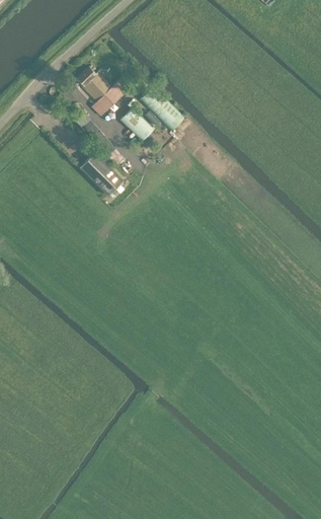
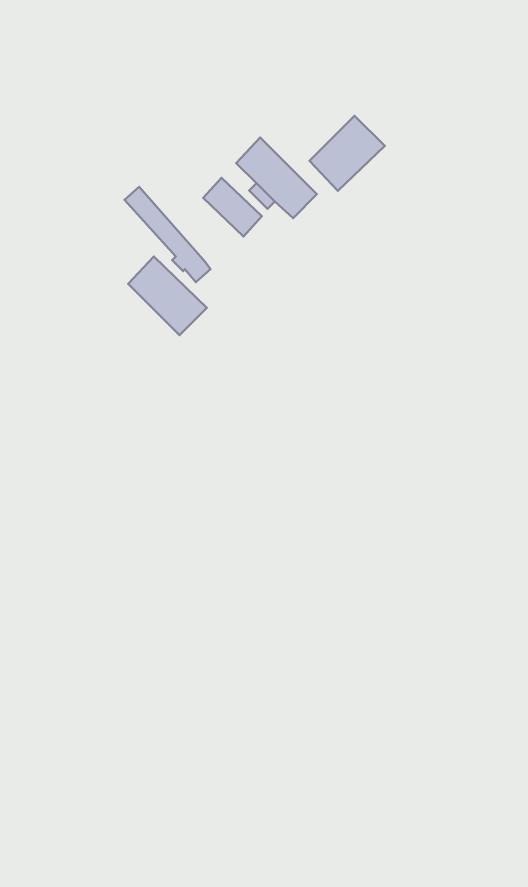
building: [77,68,131,118] -> none
building: none -> [309,116,385,191]

